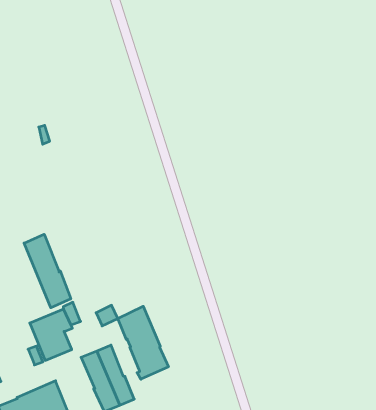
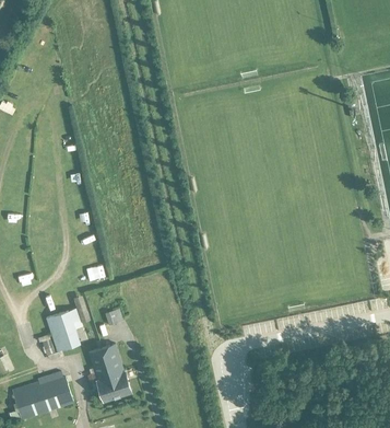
building: [24,234,71,308] -> none
building: [118,306,168,379] -> none

